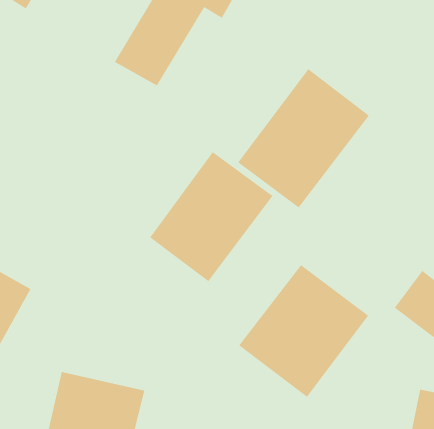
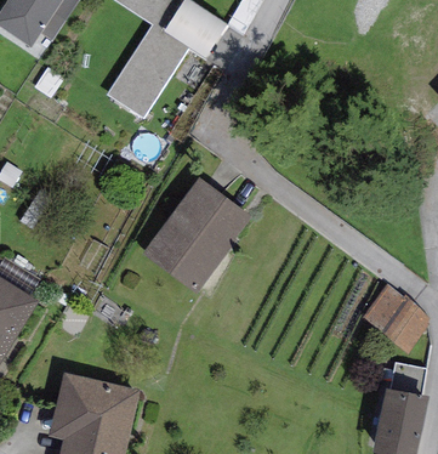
building: [237,68,370,208] -> none
building: [238,264,369,398] -> none

